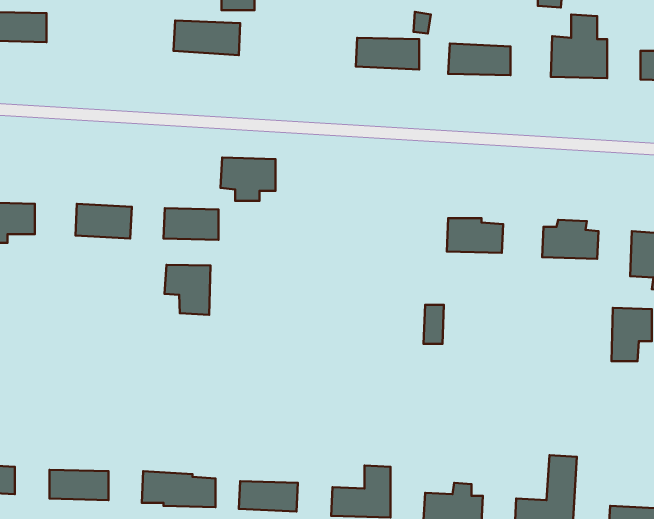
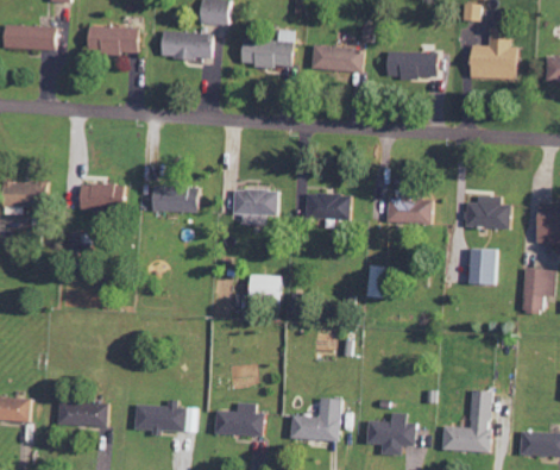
building: none -> [88,27,139,55]
building: none -> [240,30,292,68]
building: [221,158,276,201] -> [232,189,277,225]
building: none -> [304,193,350,220]
building: [165,265,210,315] -> none
building: none -> [470,250,496,284]
building: none -> [250,276,281,301]

